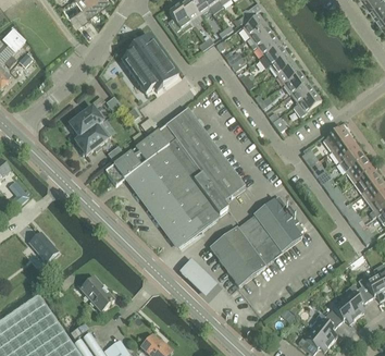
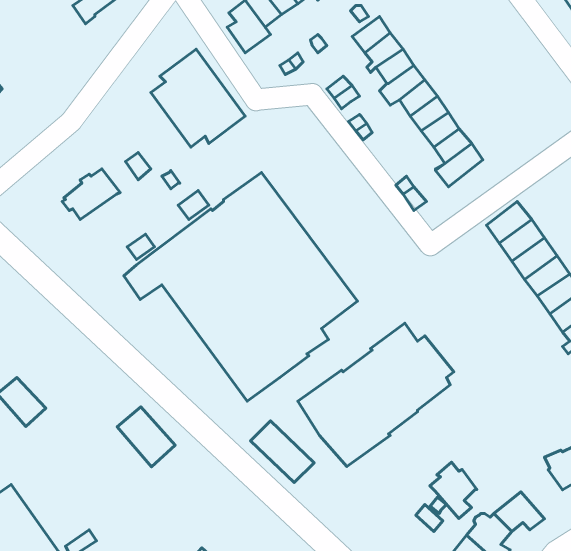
building: [74,123,110,156] -> none
building: [78,278,113,314] -> [117,407,175,467]
building: [339,284,368,318] -> [430,462,477,518]

